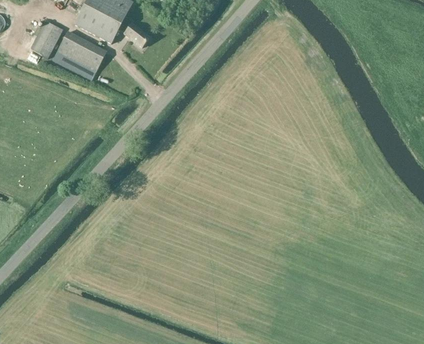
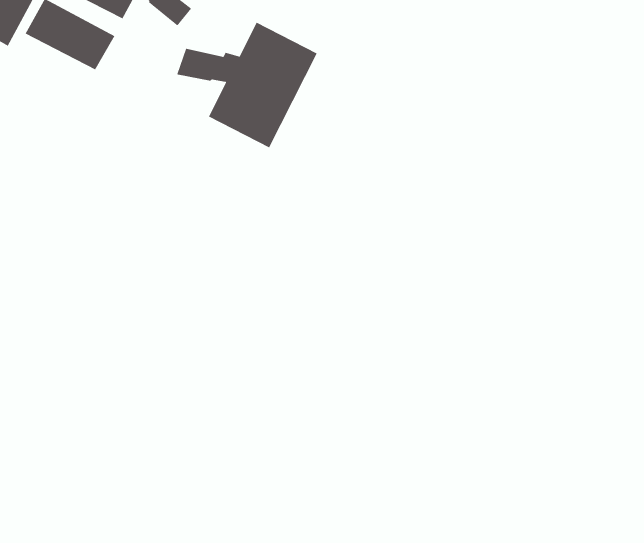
building: none -> [176,21,318,149]

